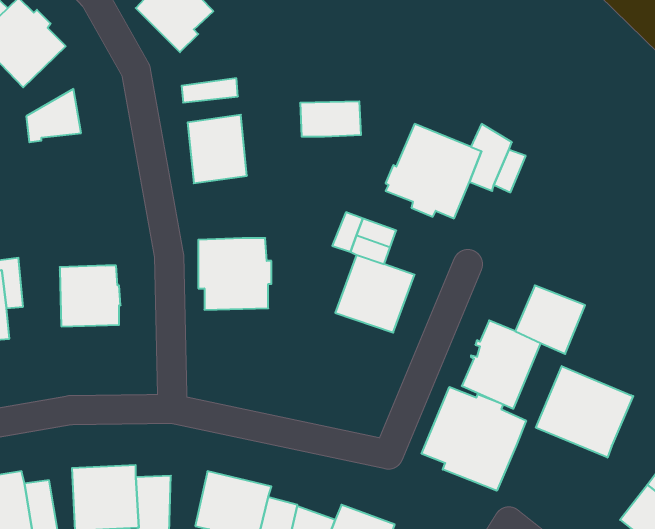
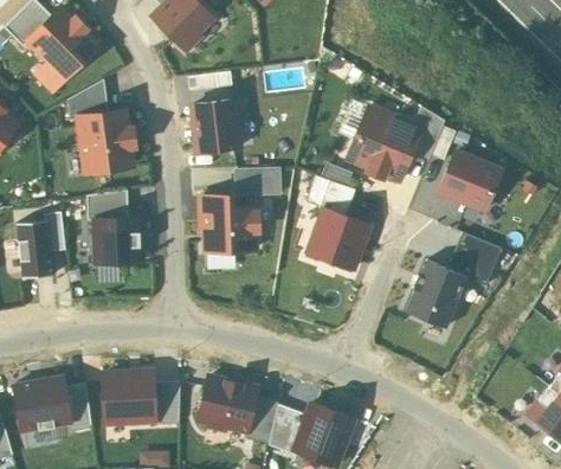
building: [300,101,361,137] -> [233,168,280,195]
building: none -> [78,111,134,172]
building: none -> [438,153,501,210]
building: none -> [85,189,128,220]
building: [536,366,633,458] -> none
building: [422,387,526,491] -> none

